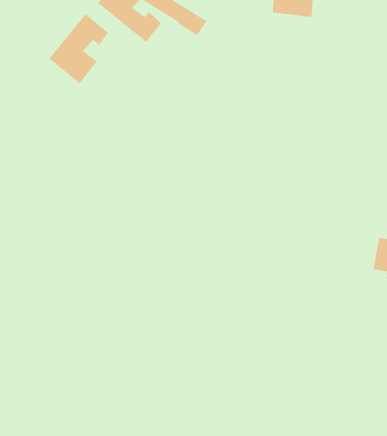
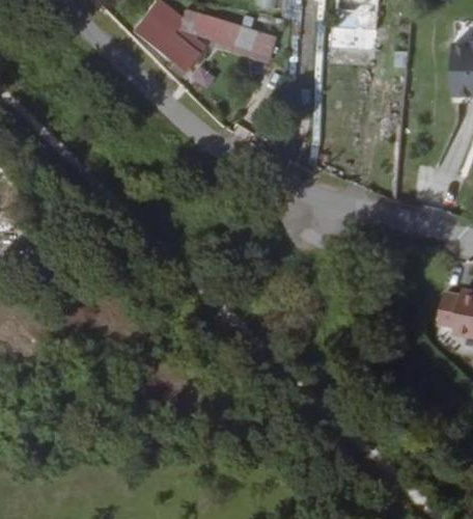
building: [48,14,109,84] -> none

